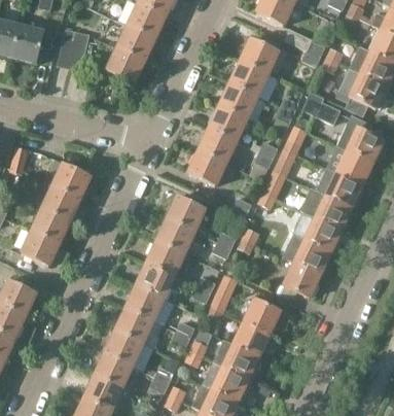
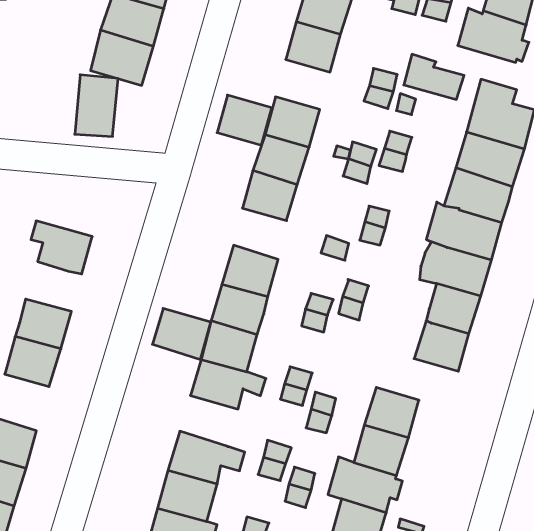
building: [57,29,89,71] -> [75,75,118,136]
building: [219,82,256,117] -> [217,95,272,145]
building: [41,185,79,220] -> none
building: [126,285,165,321] -> [152,308,211,360]

